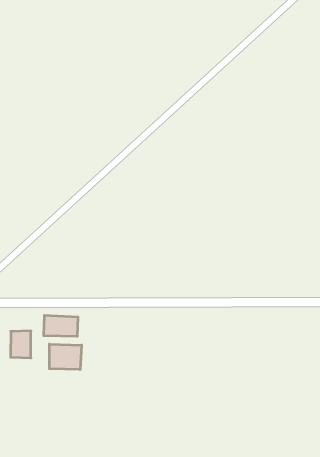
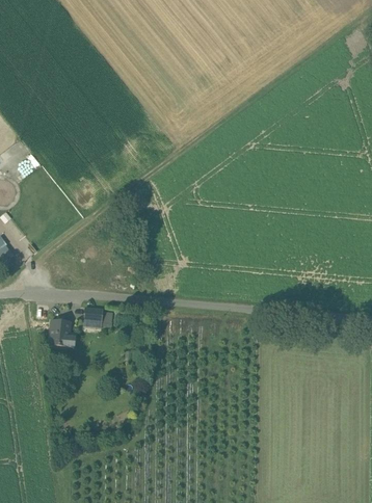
building: [49,344,82,370] -> none

